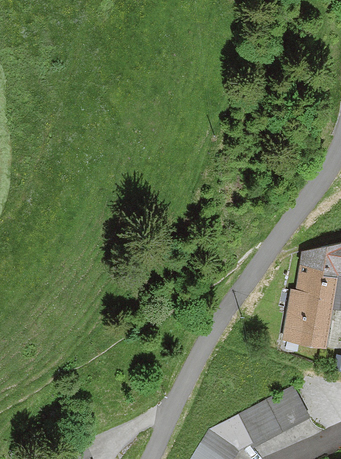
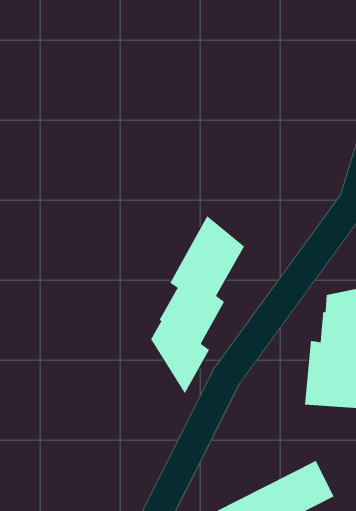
building: none -> [150,215,245,394]

